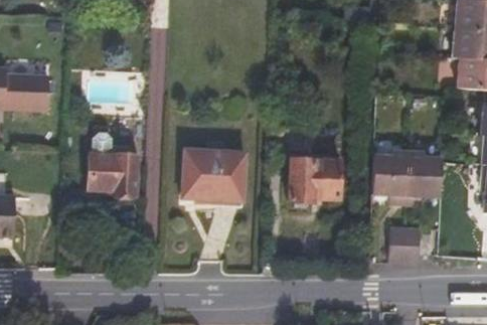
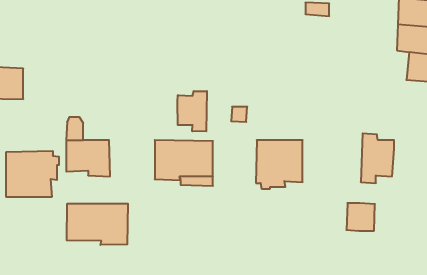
building: none -> [177,91,207,131]
building: [371,147,404,198] -> none
building: none -> [6,151,59,197]
building: none -> [67,204,128,245]

